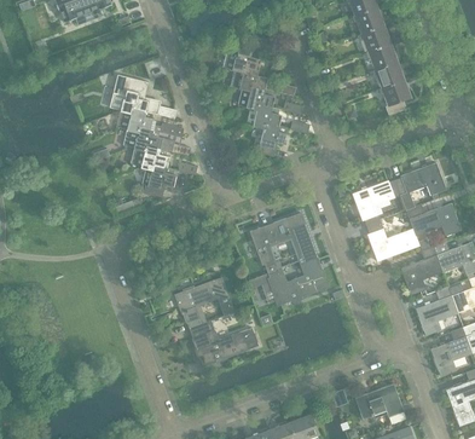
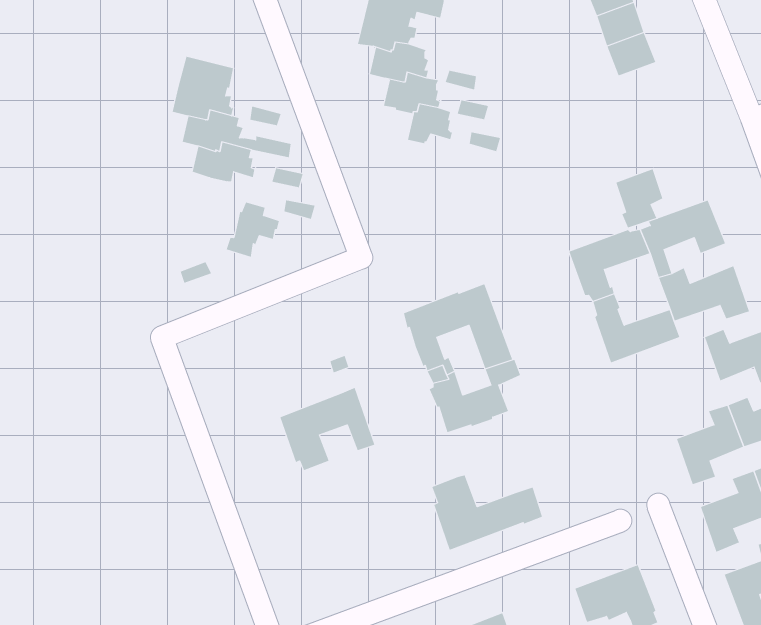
building: [381,79,410,115] -> [615,168,663,228]
building: [255,122,288,155] -> none
building: [129,145,168,169] -> none
building: [400,246,442,294] -> none
building: [190,319,257,365] -> [431,475,543,551]

